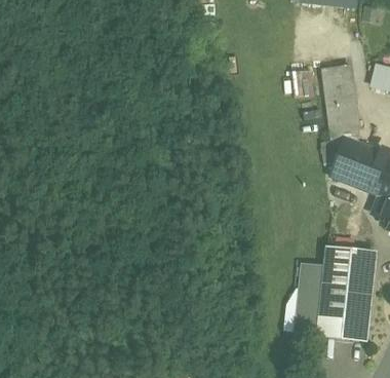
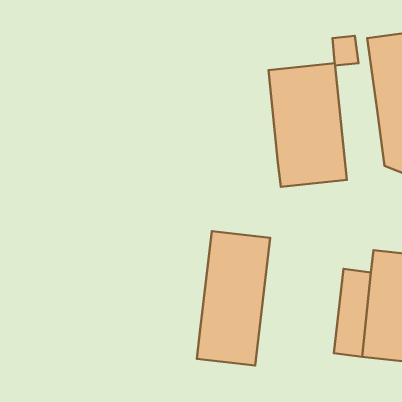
building: none -> [268,63,347,187]
building: none -> [197,231,270,366]

